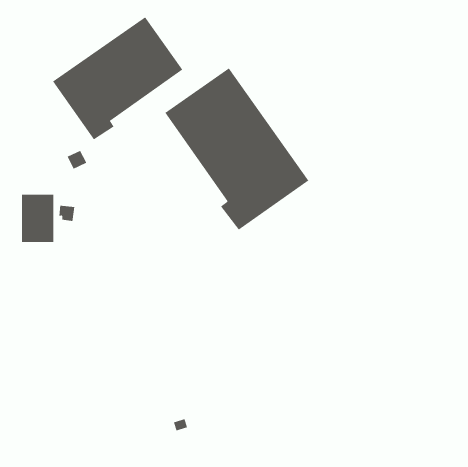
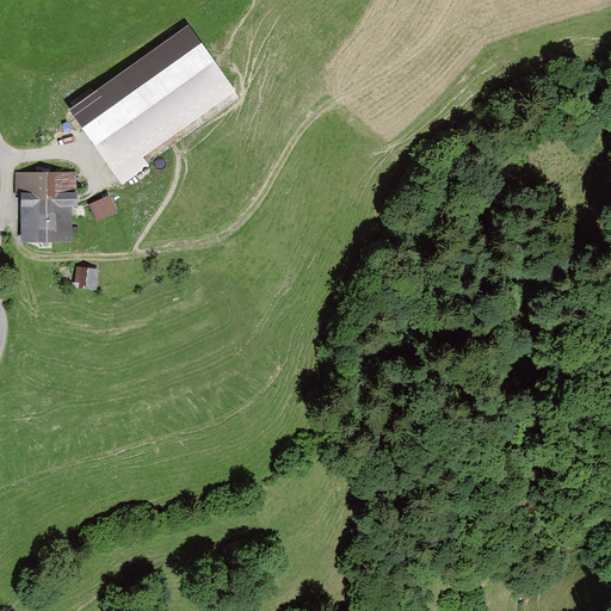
building: [165,68,309,231] -> none
building: [21,194,54,243] -> [23,180,66,243]

